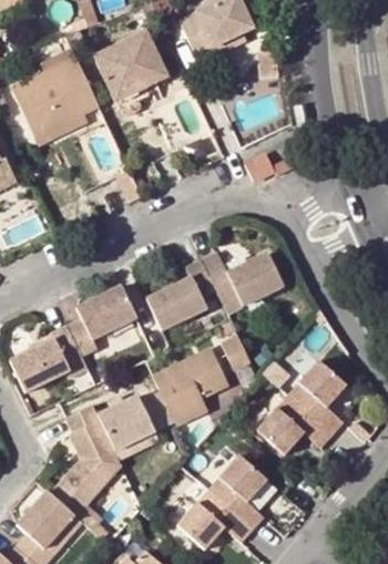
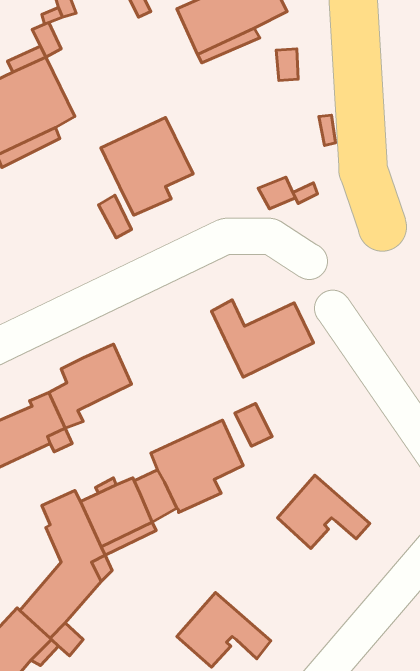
building: [92,31,166,110] -> [101,117,193,215]
building: [147,260,218,327] -> none
building: [288,357,347,431] -> none
building: [208,451,267,525] -> none

